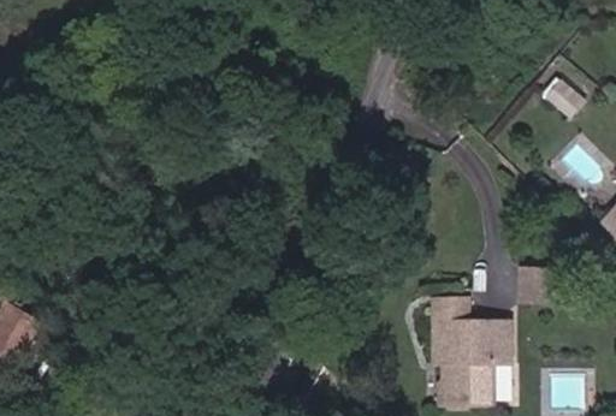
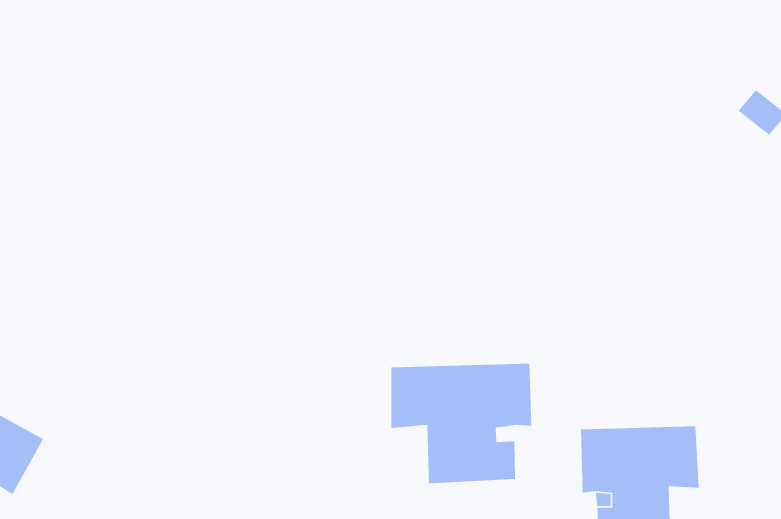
building: none -> [391,363,532,484]

